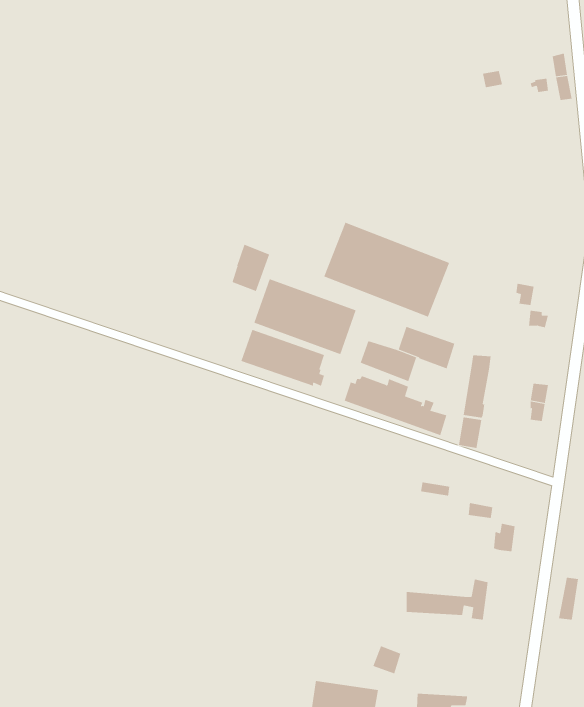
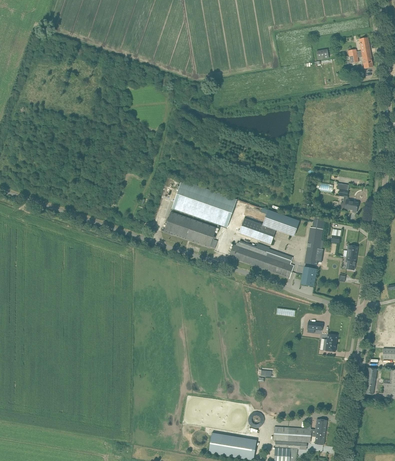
building: [323,222,450,318] -> none
building: [232,244,270,292] -> none
building: [406,579,488,620] -> [274,418,326,444]

